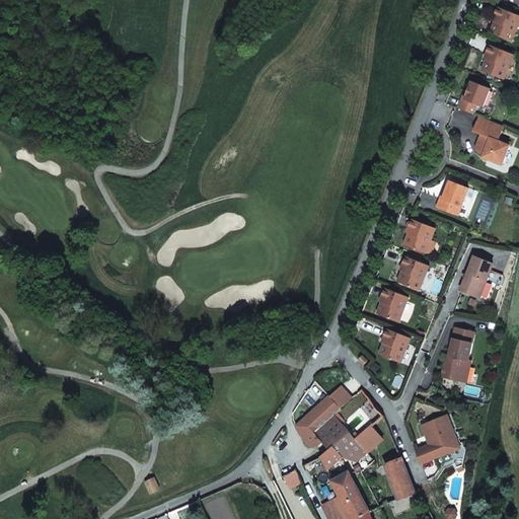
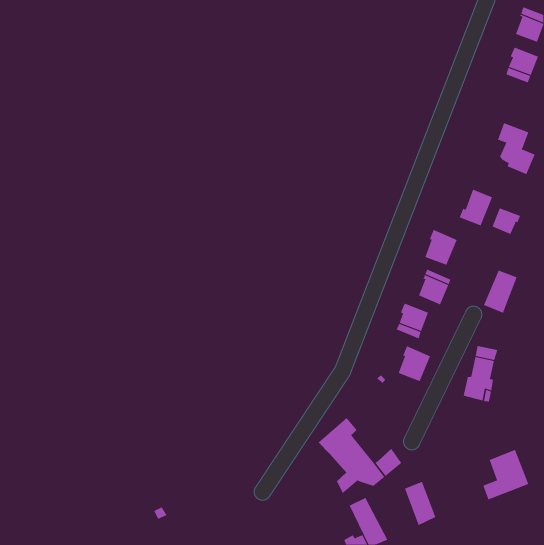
building: [457,81,490,114] -> none
building: none -> [492,207,521,235]
building: [415,416,459,464] -> [482,449,529,500]

